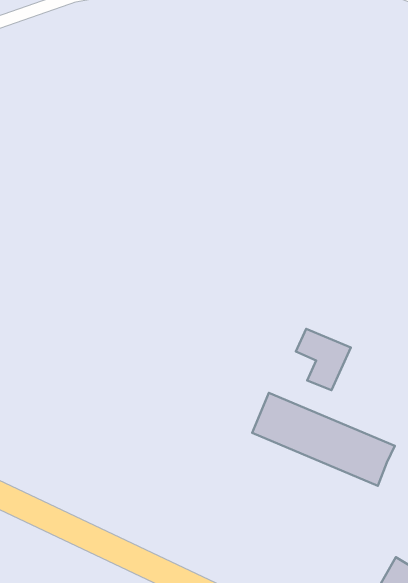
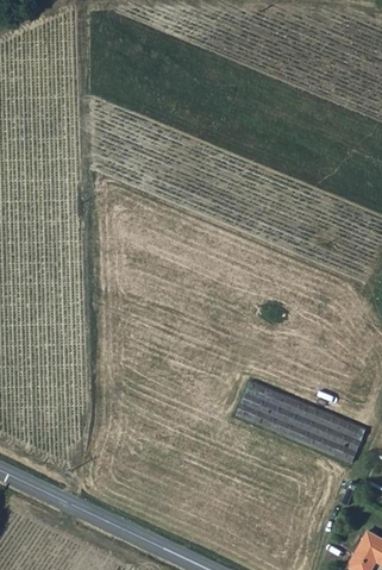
building: [296,329,351,390] -> none

